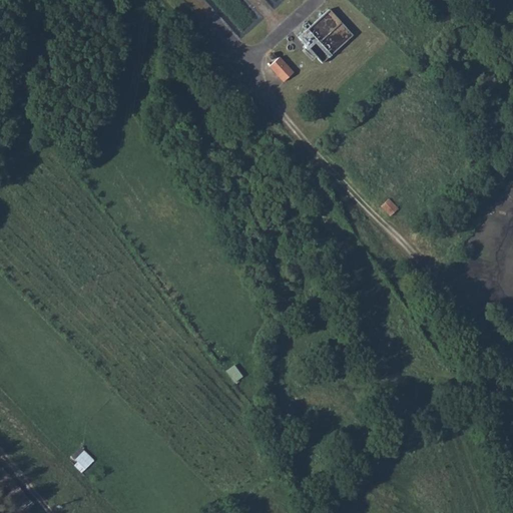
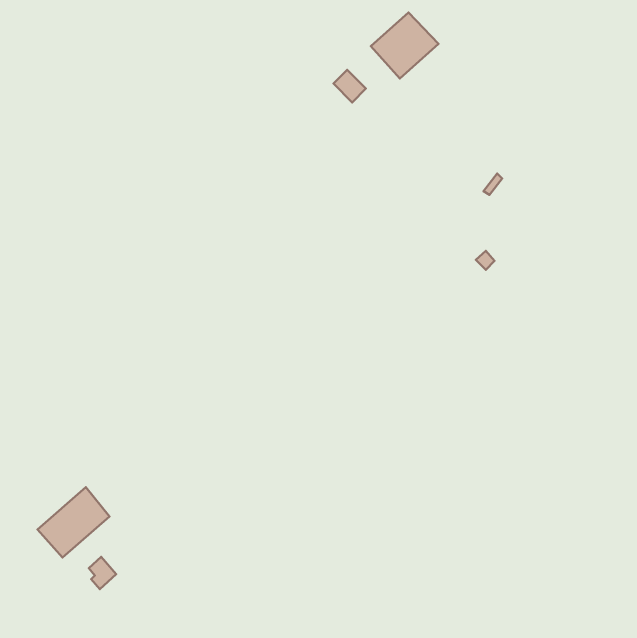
building: none -> [38,487,109,557]

